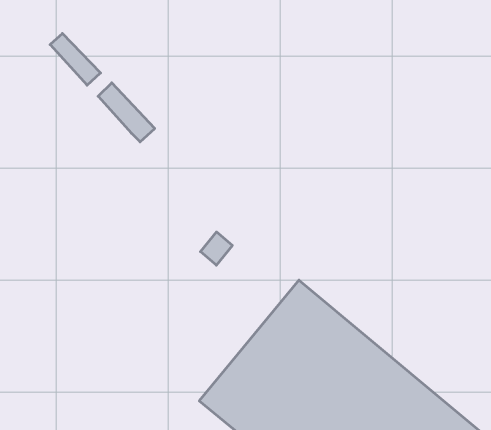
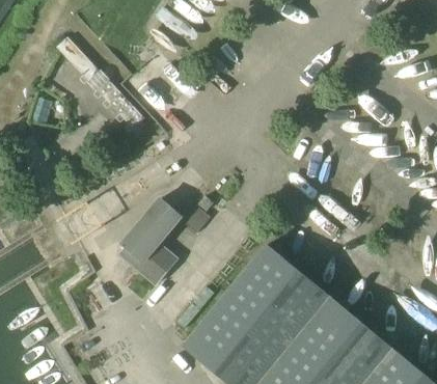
building: none -> [119,199,182,286]

